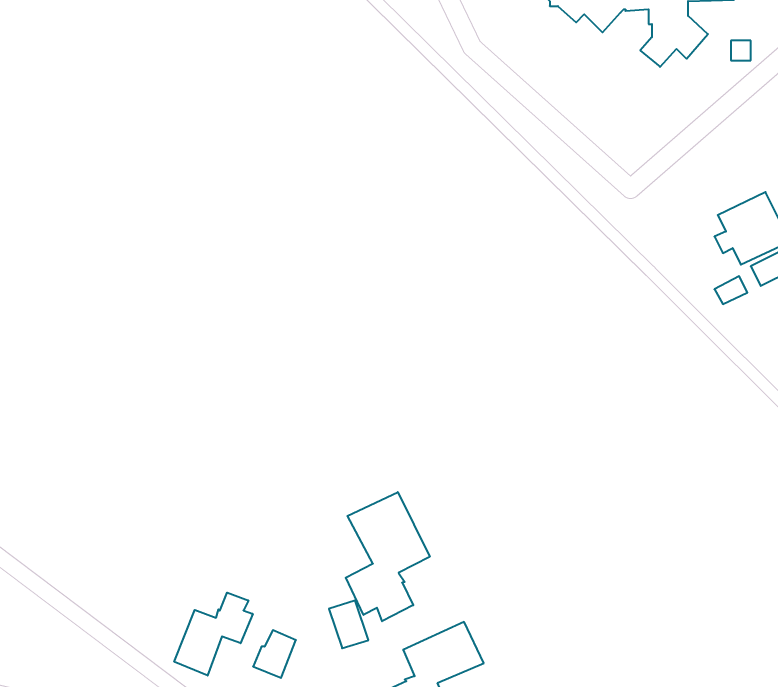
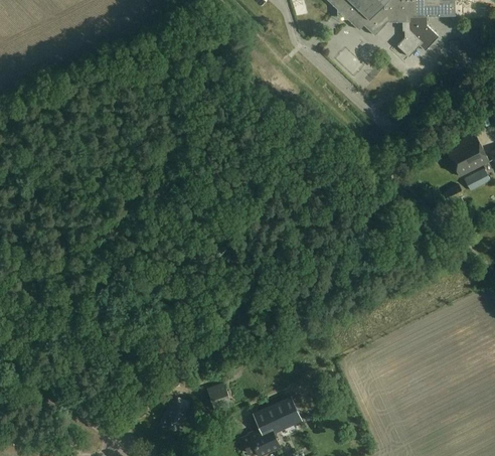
building: [346,492,430,621] -> none
building: [174,593,253,676] -> none

